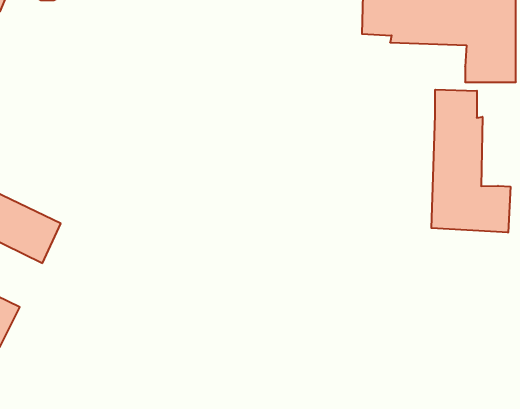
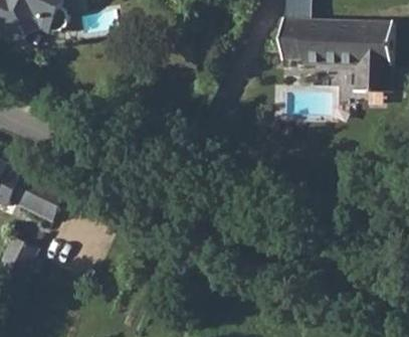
building: [431,90,510,233] -> none

